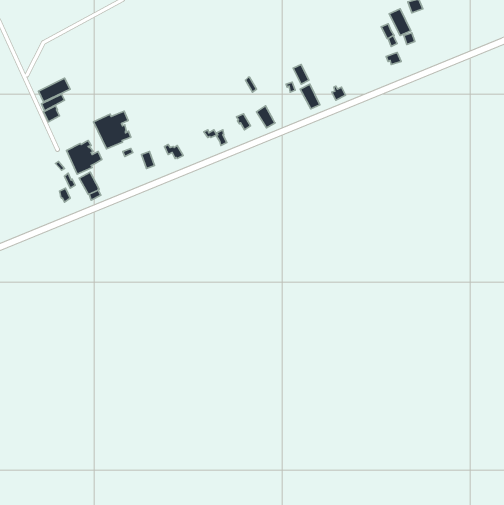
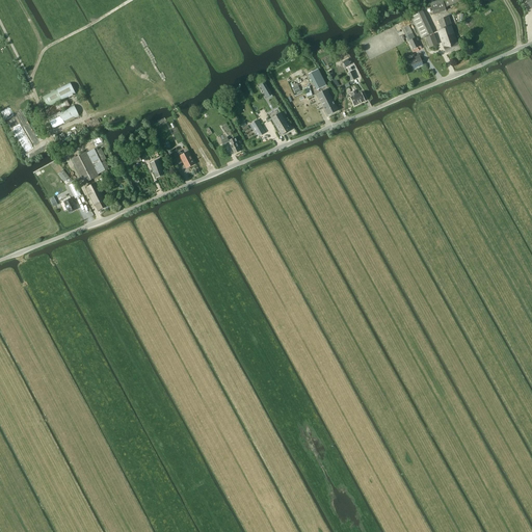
building: none -> [435,16,457,52]
building: [94,111,131,149] -> none

